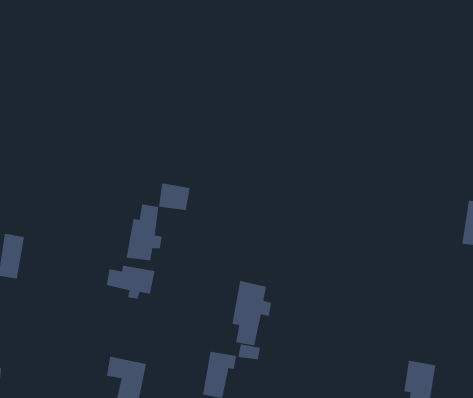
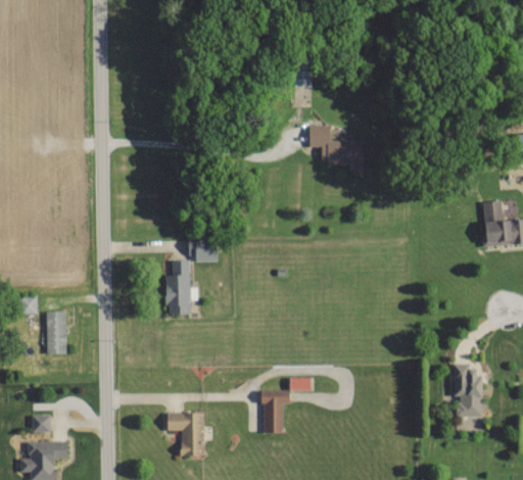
building: none -> [310,126,364,172]
building: [106,265,155,299] -> none
building: [232,280,272,346] -> none

